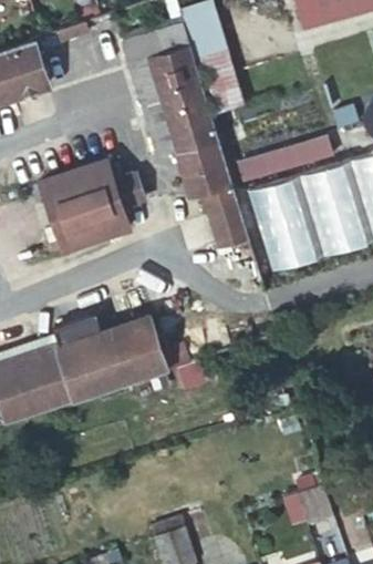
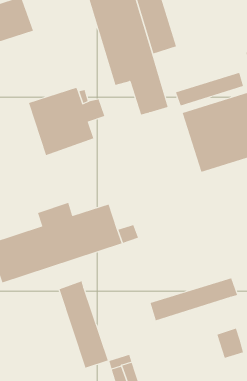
building: [205,186,247,247] -> none
building: none -> [150,277,238,321]
building: none -> [59,280,108,369]

